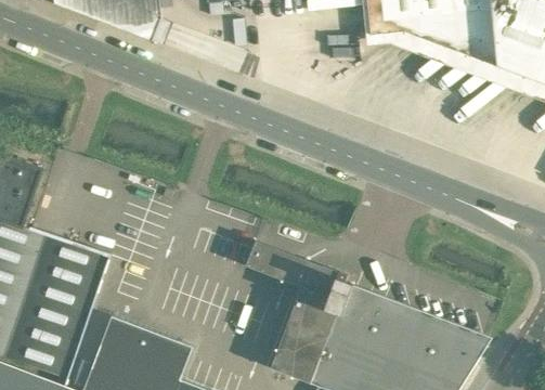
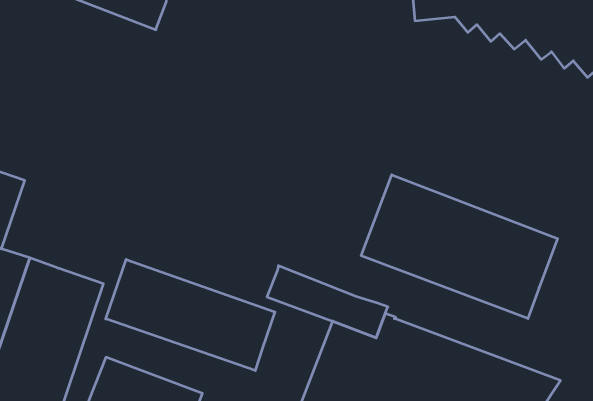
building: none -> [361,175,558,319]
building: none -> [106,259,275,371]

